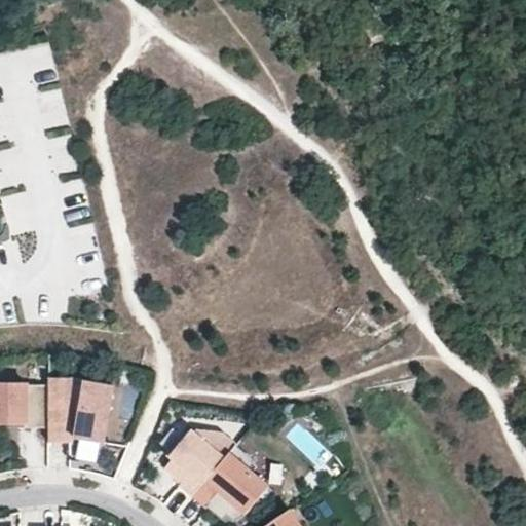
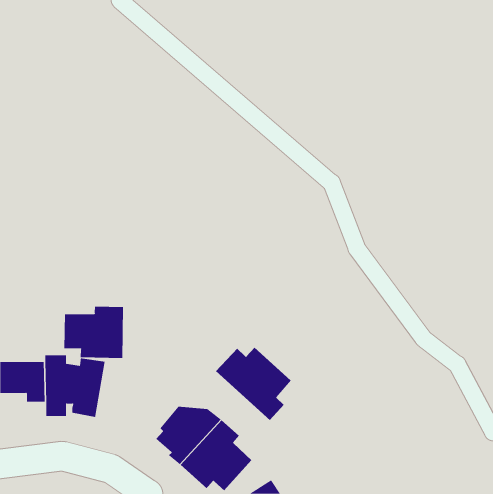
building: none -> [64,306,124,359]
building: none -> [215,347,291,421]

